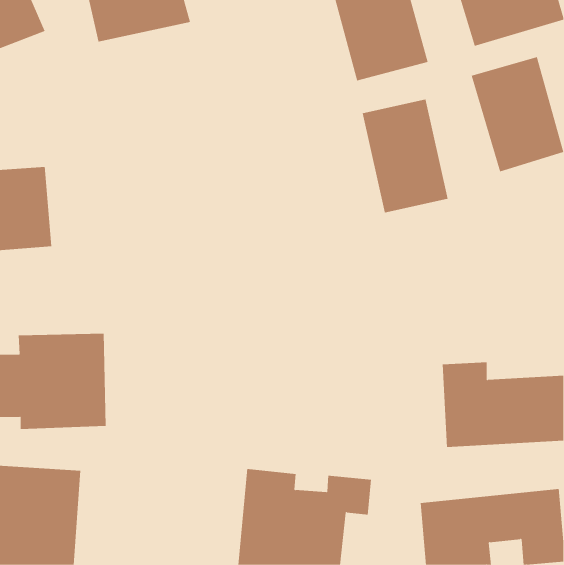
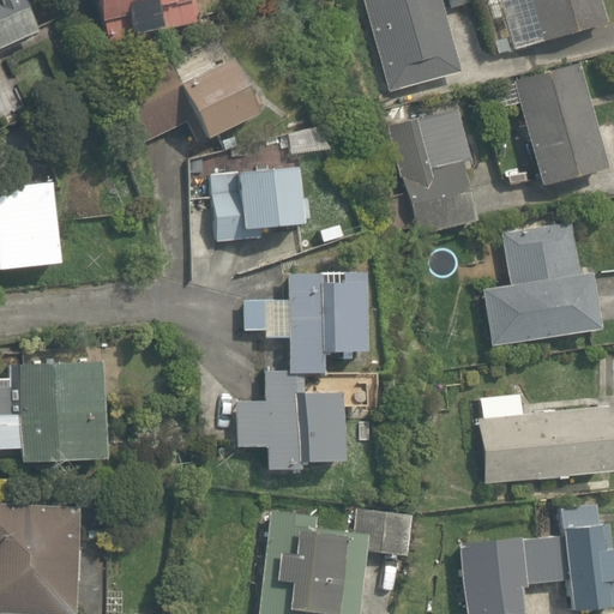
building: none -> [134,58,263,143]
building: none -> [209,164,307,241]
building: none -> [483,222,600,341]
building: none -> [242,267,375,369]
building: none -> [236,372,345,470]

